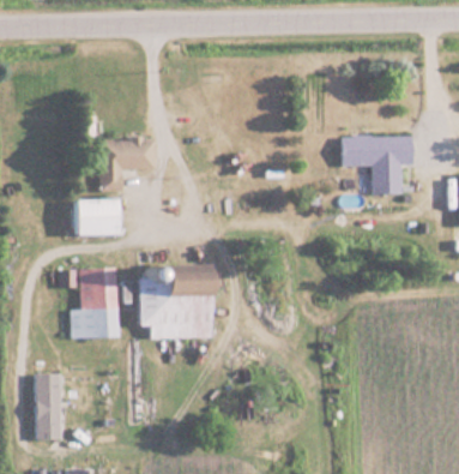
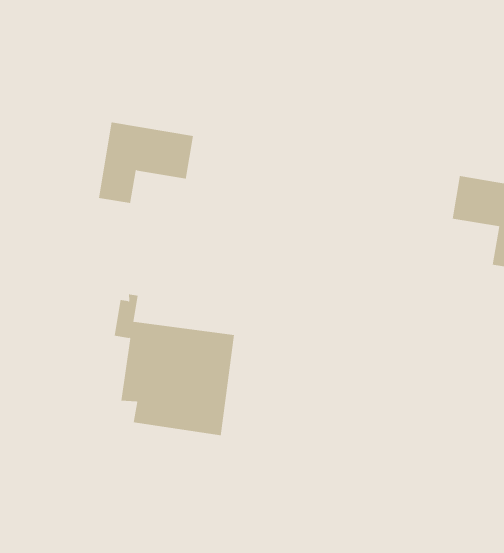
building: [74,202,117,236] -> none
building: [64,269,119,340] -> none

